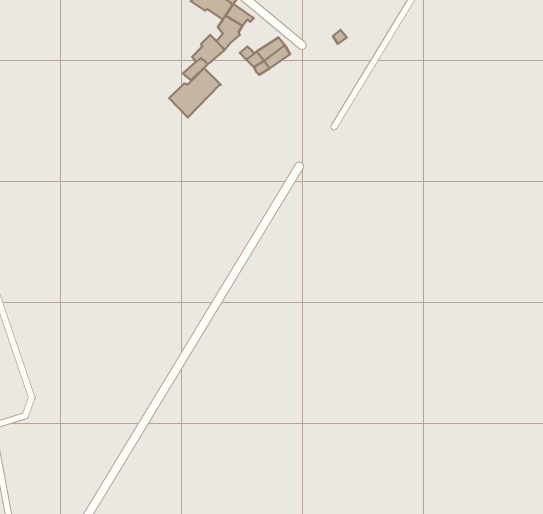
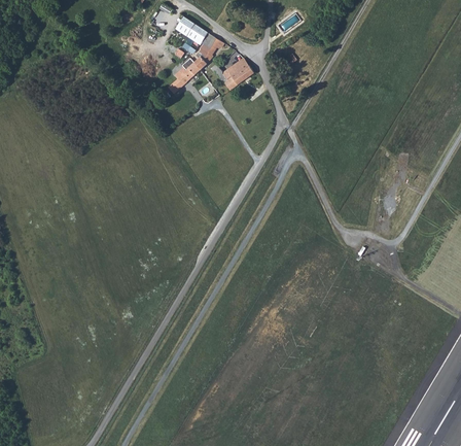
building: [169,68,221,117] -> none

